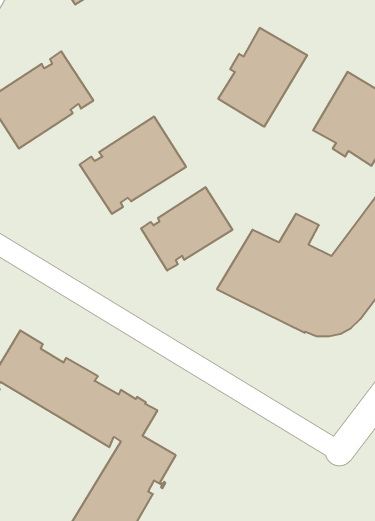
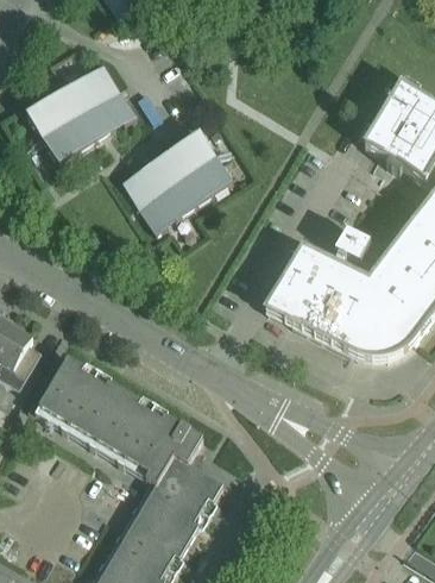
building: [218,28,307,127] -> none
building: [141,187,232,271] -> none

